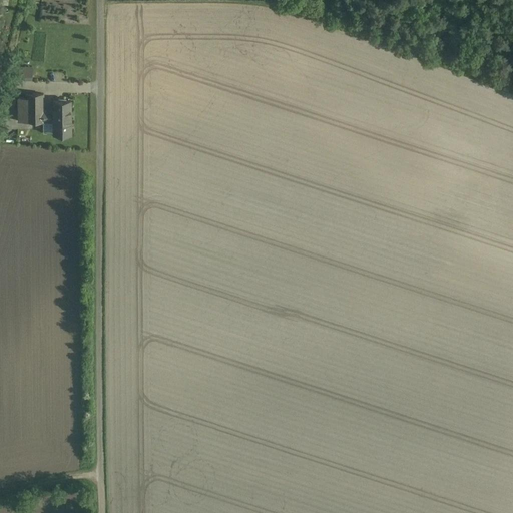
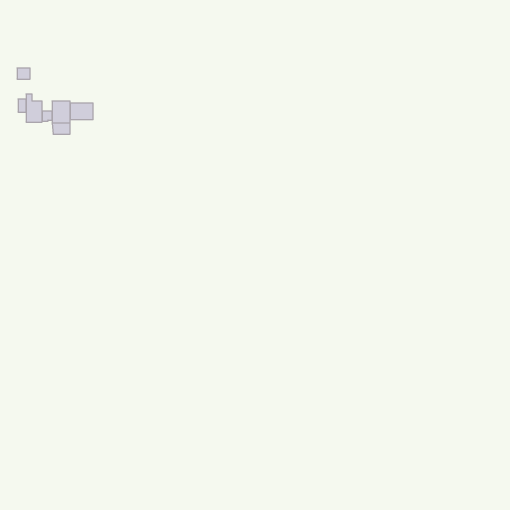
building: none -> [70,103,93,120]

